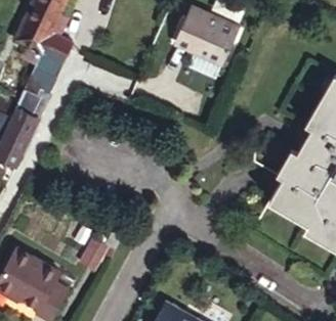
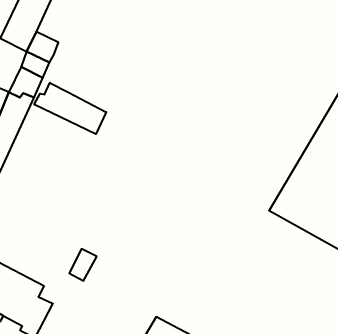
building: [177,10,241,65] -> none
building: none -> [34,83,106,134]

